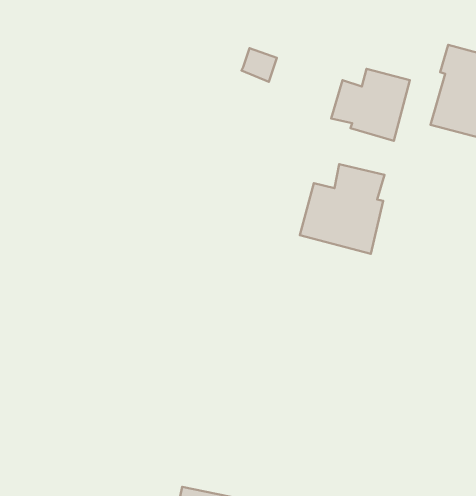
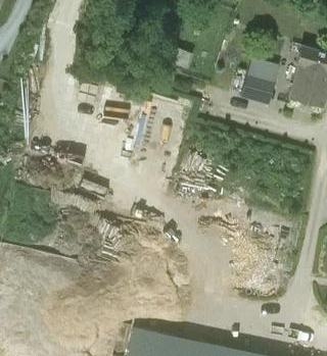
building: [300,164,385,254] -> none

